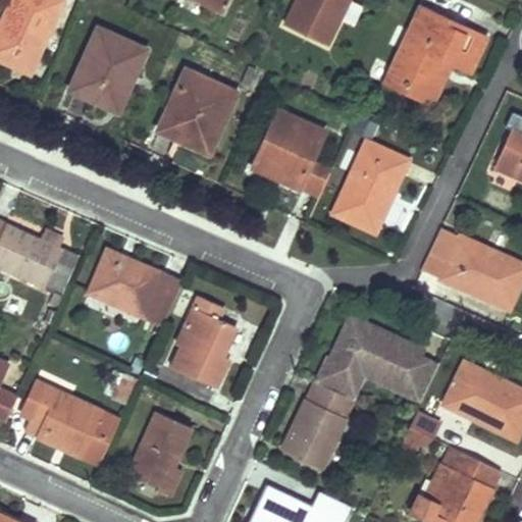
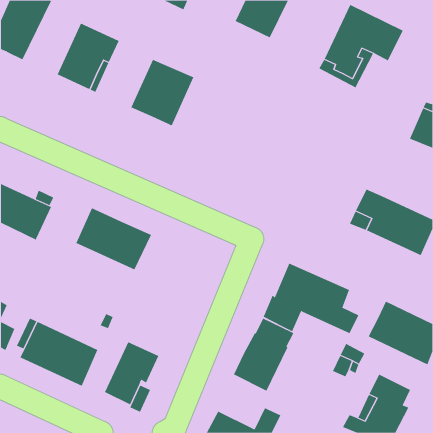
building: [252,111,329,197] -> none
building: [333,143,406,231] -> none
building: [45,249,82,296] -> none
building: [170,297,237,388] -> none

